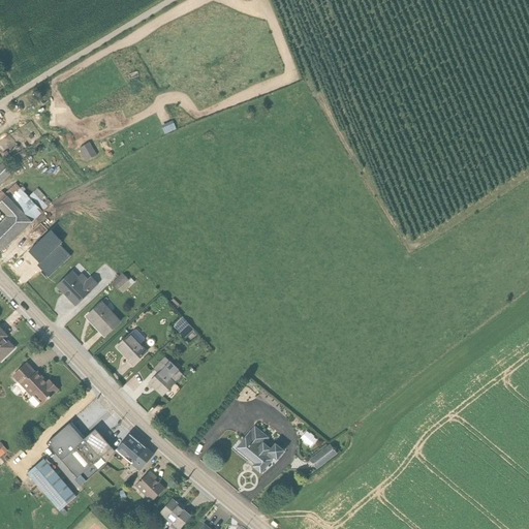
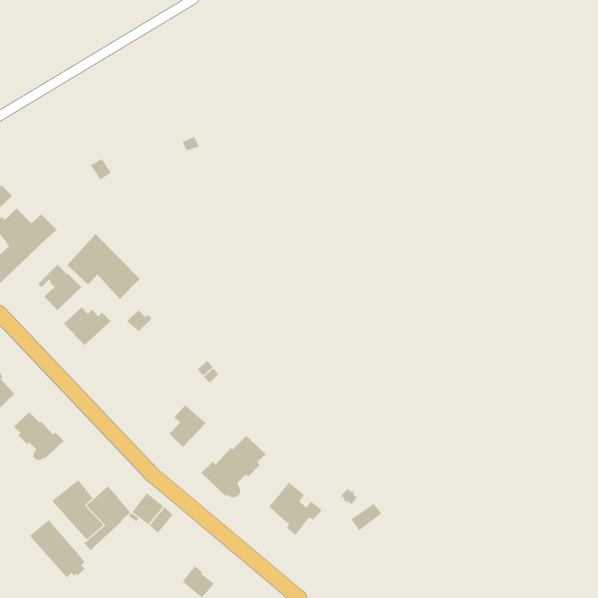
building: none -> [66,233,141,300]
building: [87,301,120,336] -> none
building: [116,329,147,365] -> none
building: none -> [200,435,267,498]
building: [134,470,163,501] -> none

